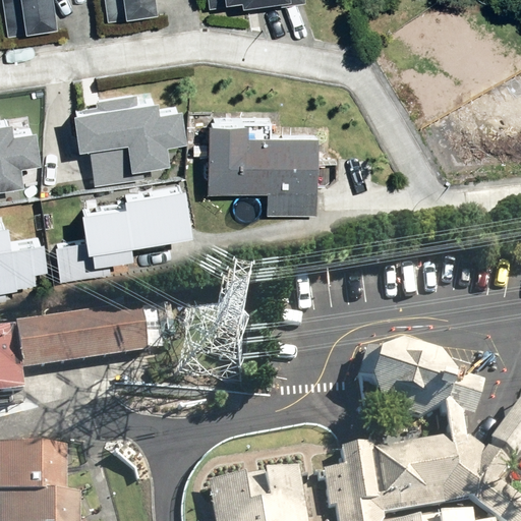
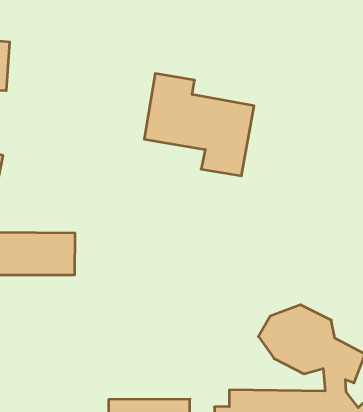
building: [67,96,184,184] -> none
building: [52,186,190,281] -> none

